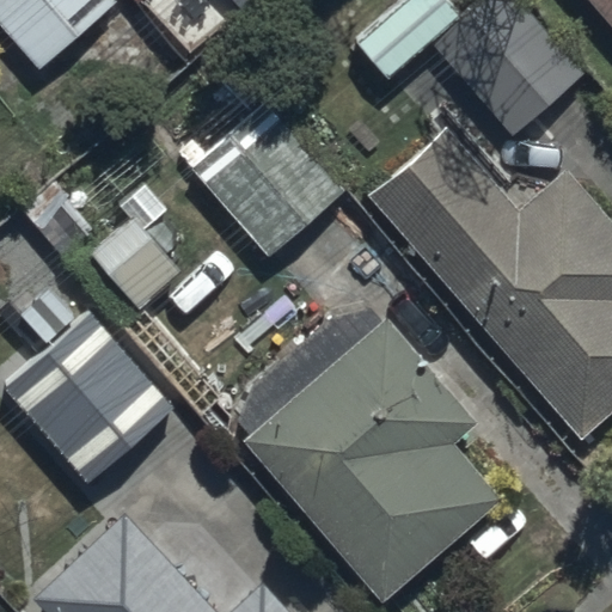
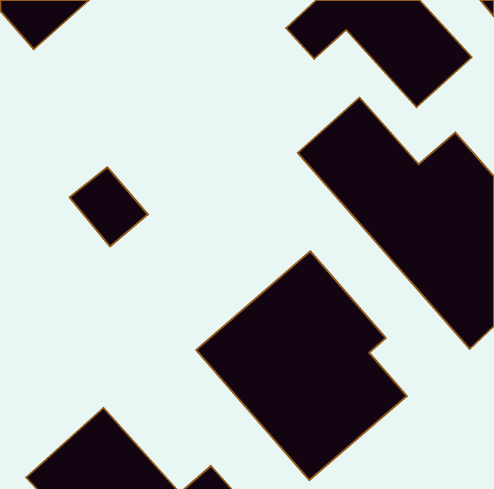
building: [203,117,341,253] -> none
building: [7,314,173,483] -> none

